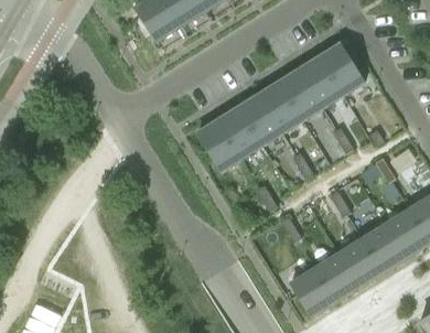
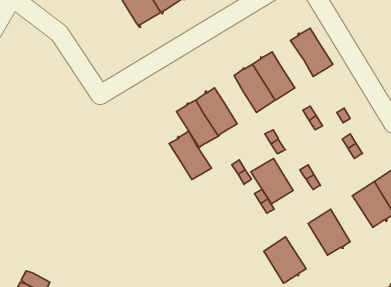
building: [299,56,343,107] -> none
building: [237,94,282,146] -> [169,131,211,180]
building: [362,223,407,272] -> none
building: [313,253,358,301] -> [251,159,293,204]

